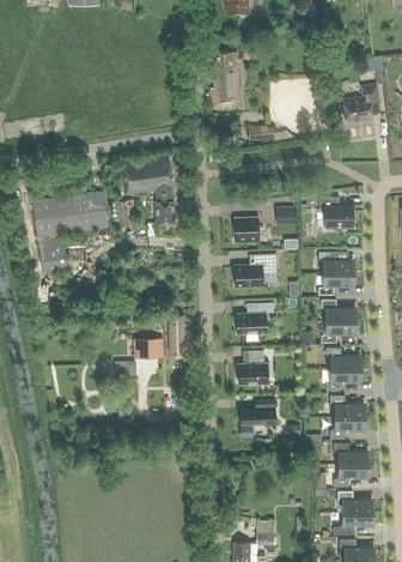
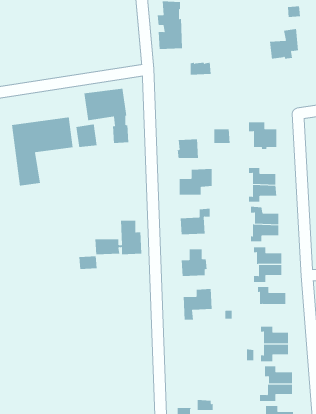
building: [329,417,364,439] -> none

